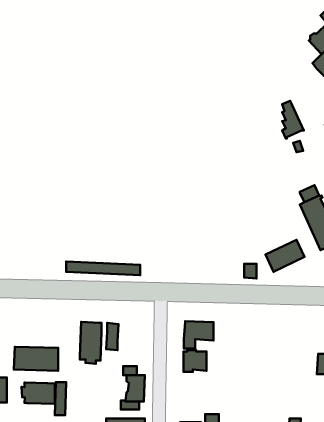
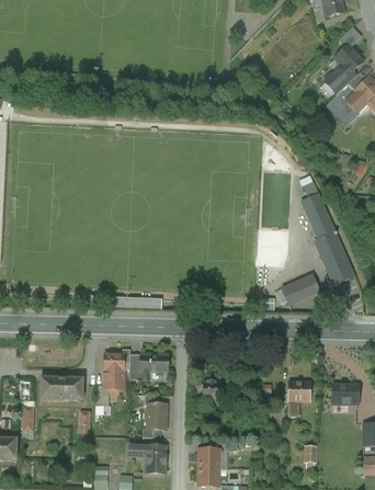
building: [282,101,304,138] -> [310,192,331,228]
building: [184,321,213,348] -> [139,353,168,379]
building: none -> [287,380,310,415]
building: [22,383,55,404] -> none

